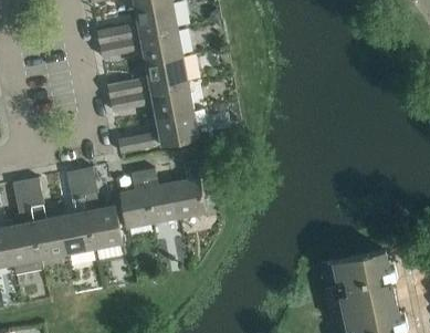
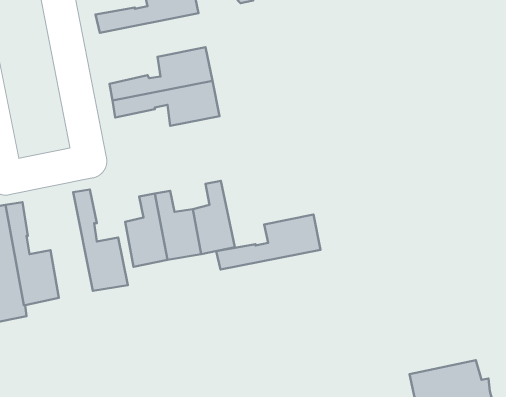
building: [99,30,182,64] -> none
building: [117,111,199,154] -> [216,214,320,269]
building: [61,170,94,253] -> none
building: [333,251,397,313] -> none

